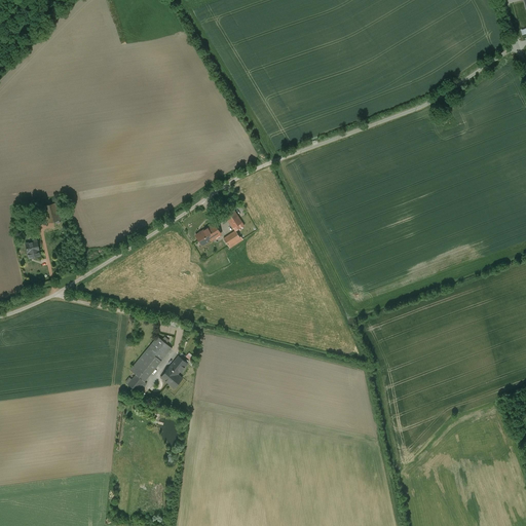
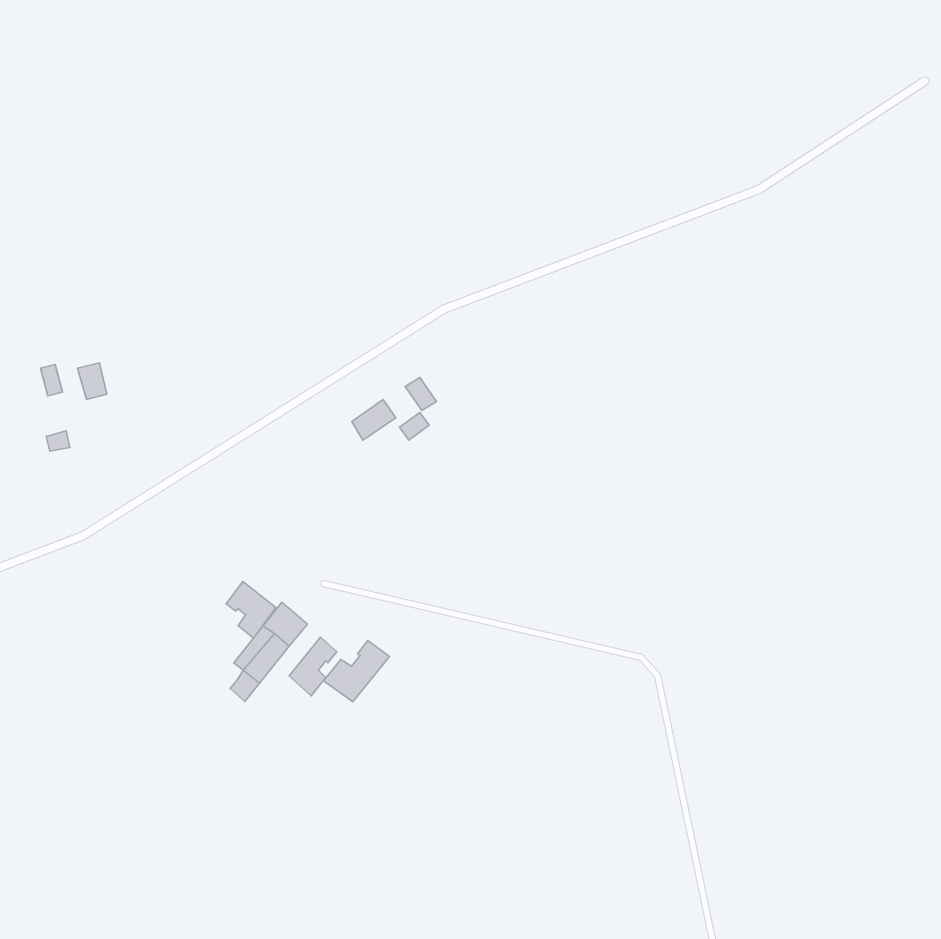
building: none -> [226,581,276,638]
building: none -> [323,641,389,702]

